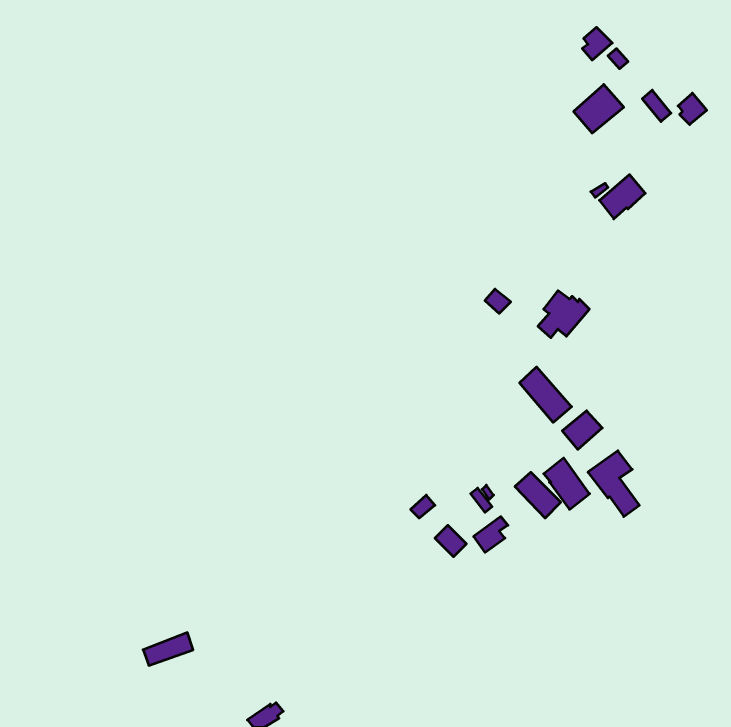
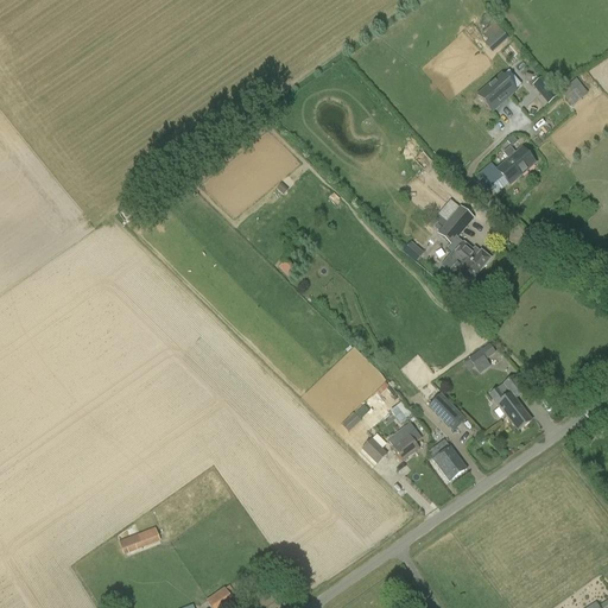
building: none -> [437,197,474,243]
building: [520,367,572,422] -> none
building: [544,458,590,509] -> [428,437,466,480]

